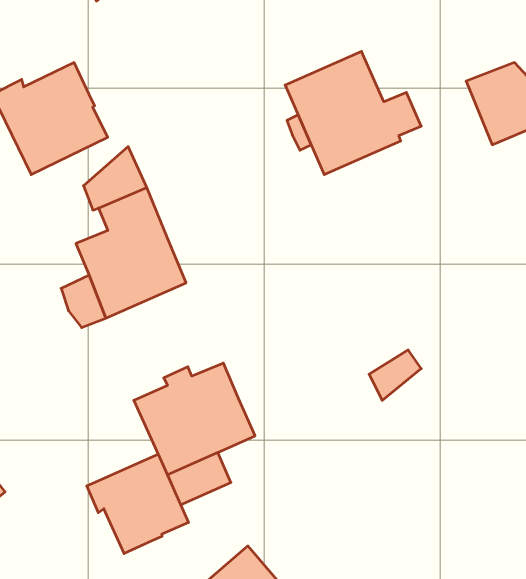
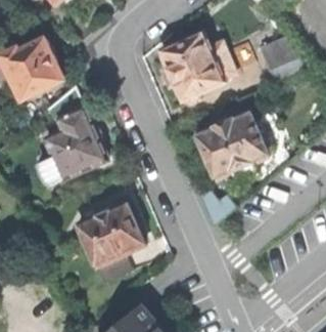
building: none -> [196,111,269,183]
building: [87,454,188,554] -> none

